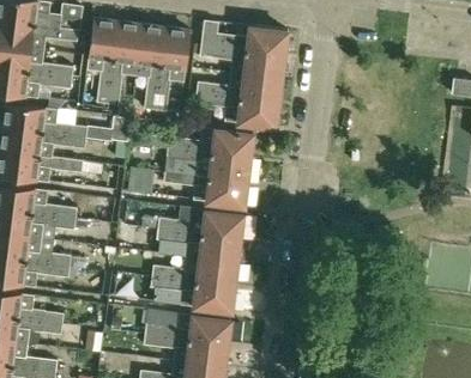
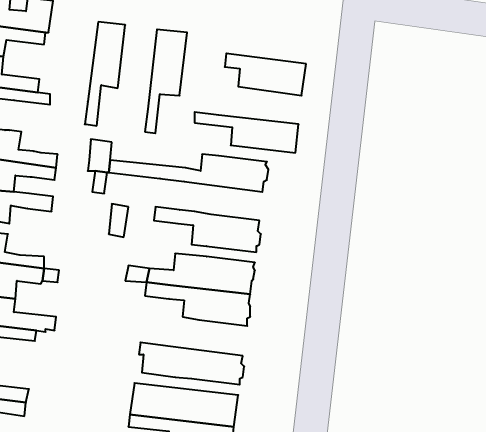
building: [87,19,120,104] -> none
building: [201,20,289,56] -> none
building: [135,25,167,110] -> none
building: [197,74,282,104] -> none
building: [168,147,252,181] -> none
building: [153,257,238,288] -> none

